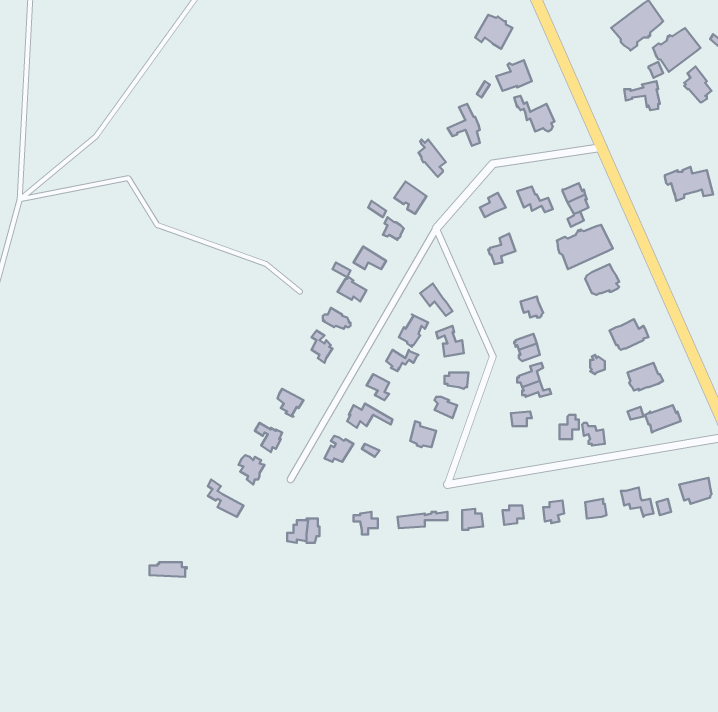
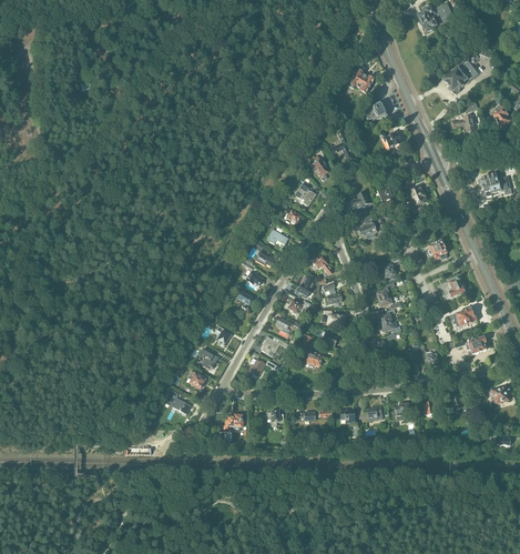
building: [653,28,701,72] -> none
building: [557,225,613,269] -> none

